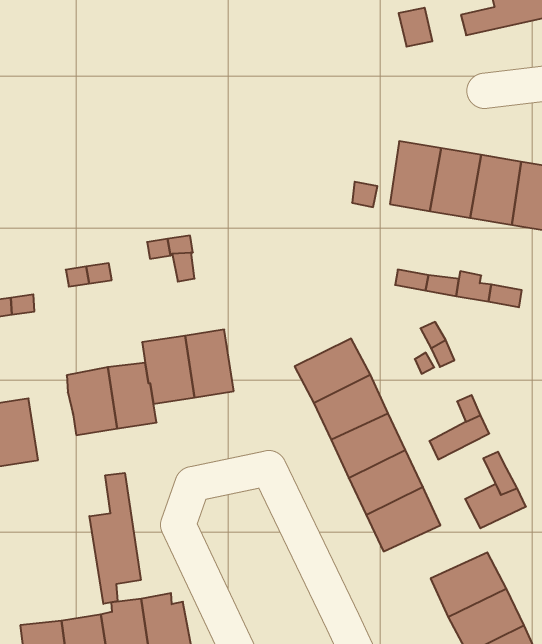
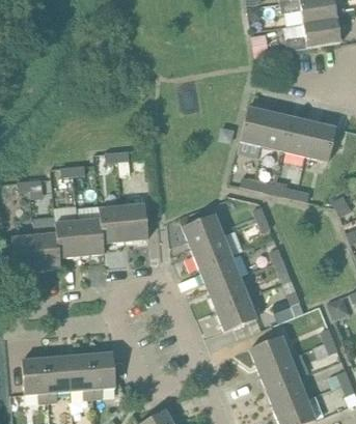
building: none -> [34,233,60,270]
building: [89,473,141,604] -> none

